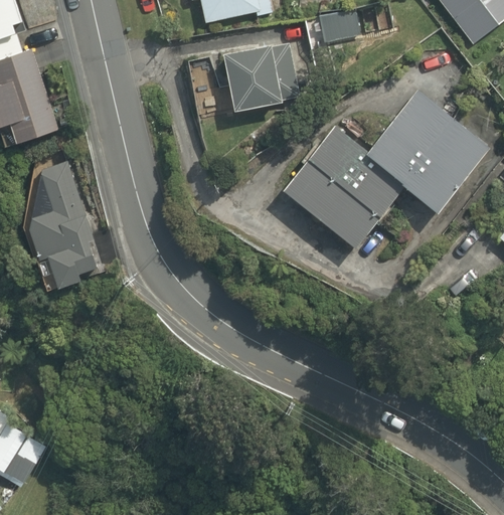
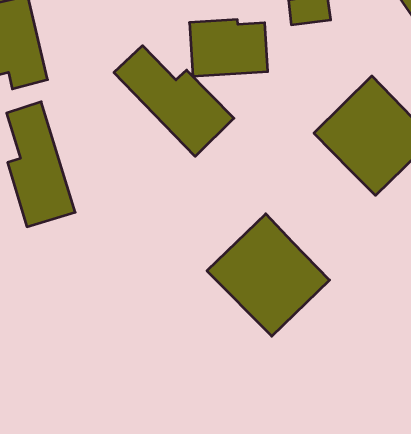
building: none -> [114,46,234,156]
building: [271,128,401,256] -> [207,214,330,336]

